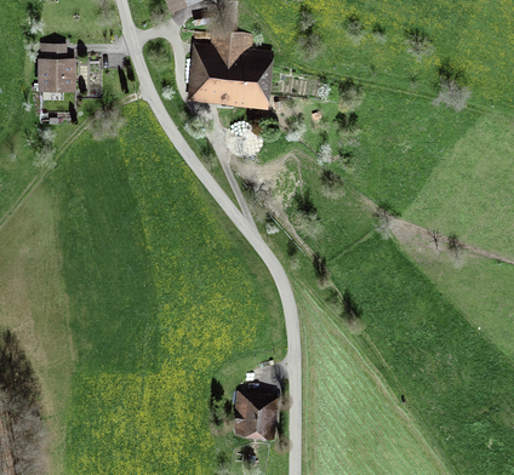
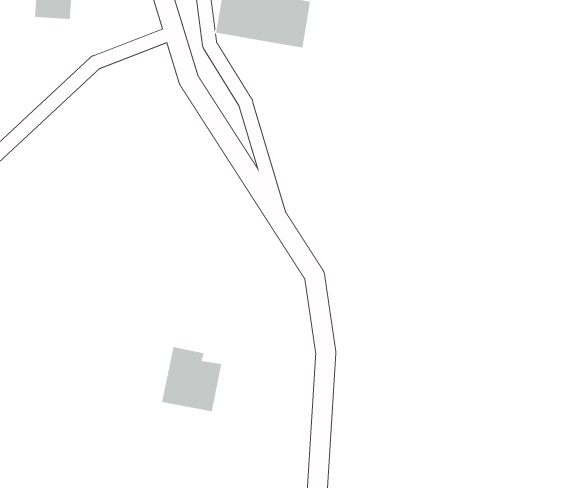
building: [232,390,278,440] -> [161,346,222,412]

